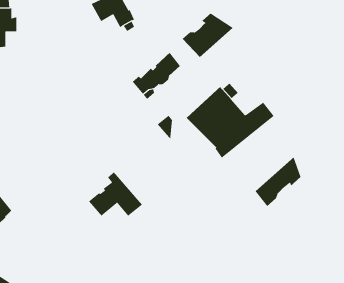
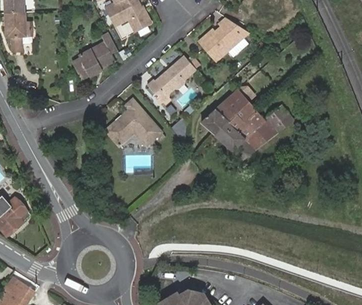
building: none -> [74,32,120,79]
building: [255,156,301,207] -> none
building: [88,171,143,216] -> [107,100,162,145]

